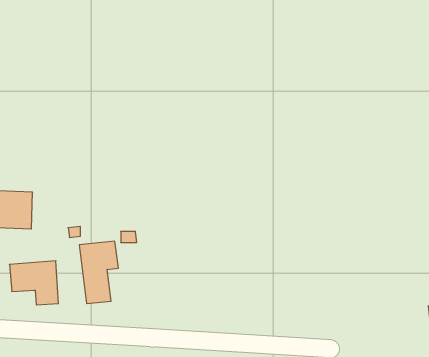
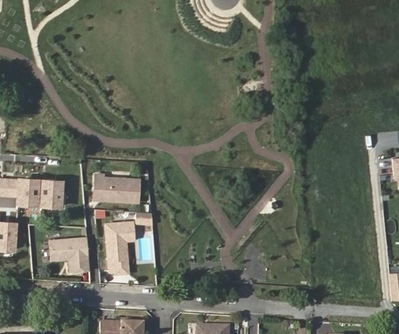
building: none -> [93,173,138,203]

